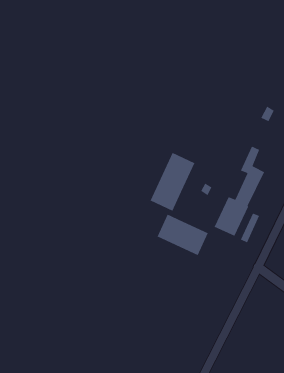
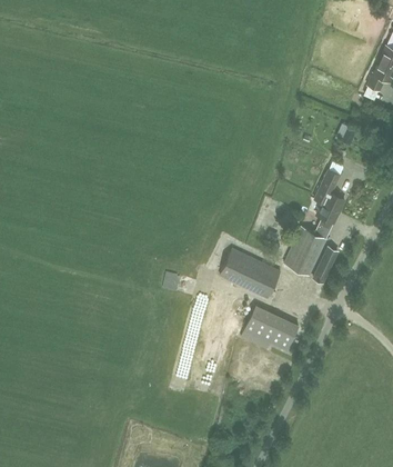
building: [150,152,196,212] -> none
building: none -> [243,305,296,349]

